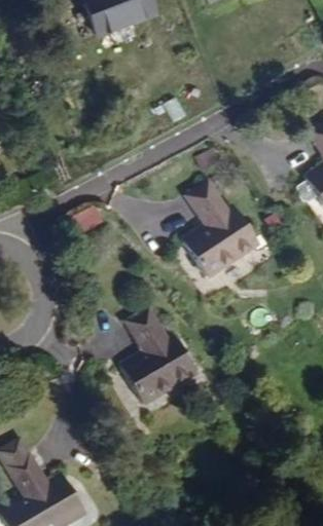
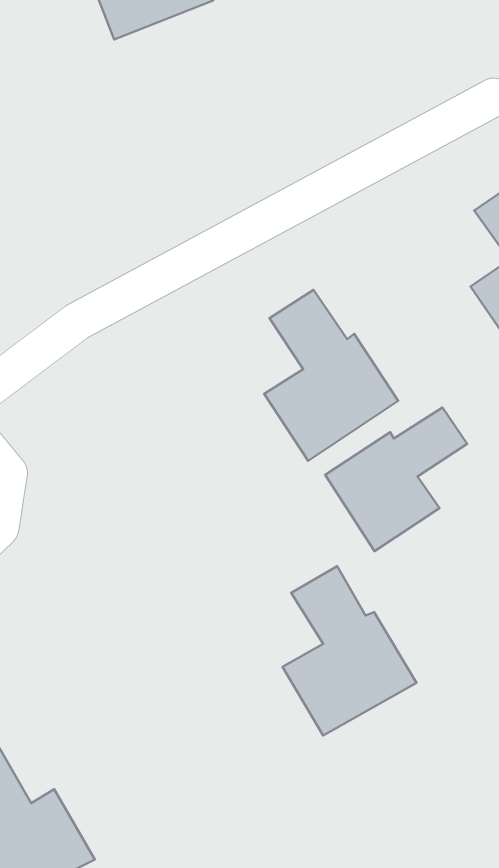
building: none -> [325,407,467,551]
building: [119,307,198,406] -> [282,566,417,736]

